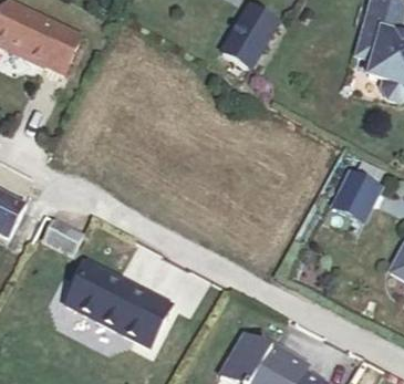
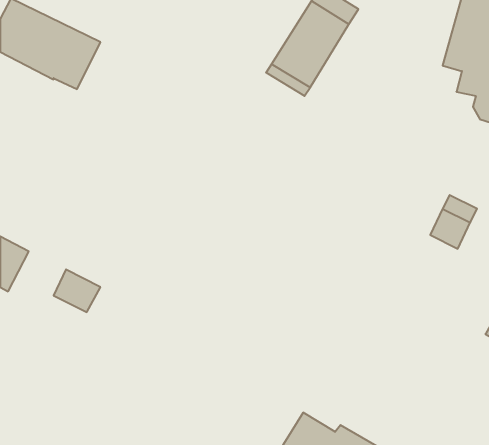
building: [65,266,173,353] -> none

